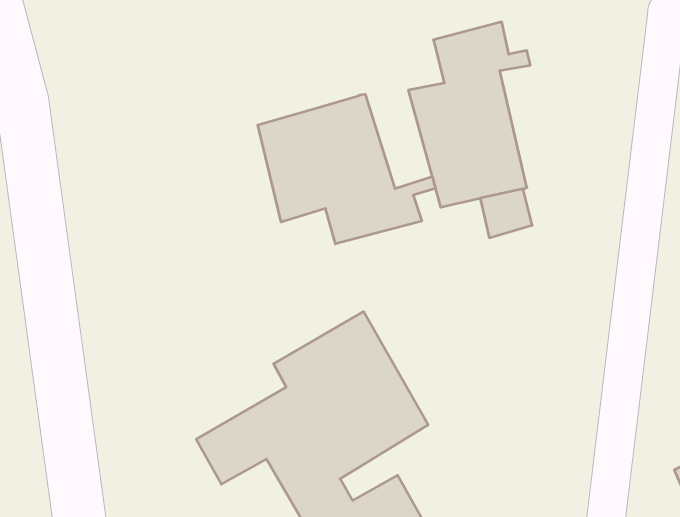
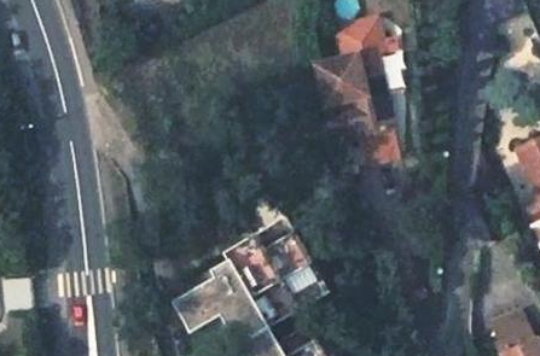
building: [258,94,435,244] -> none

